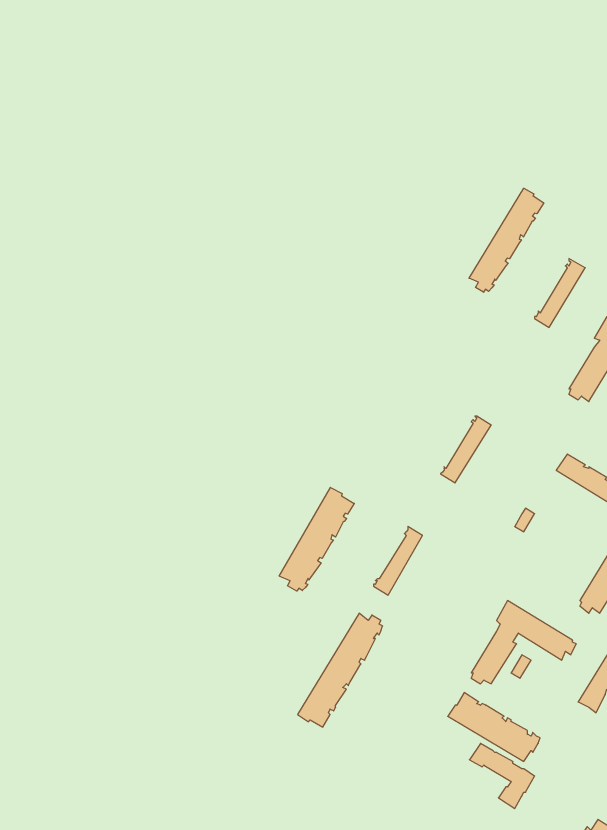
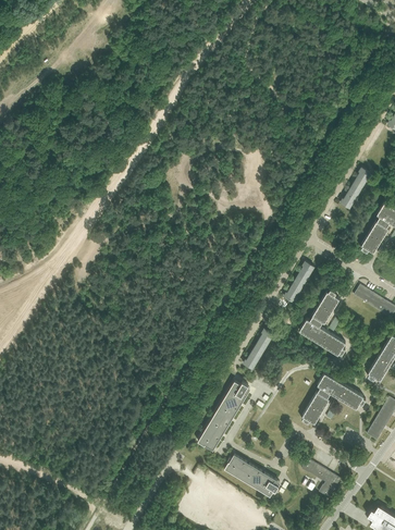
building: [469,188,544,292] -> none
building: none -> [299,289,346,356]
building: [279,487,354,591] -> none
building: [448,693,540,761] -> [224,455,280,496]

